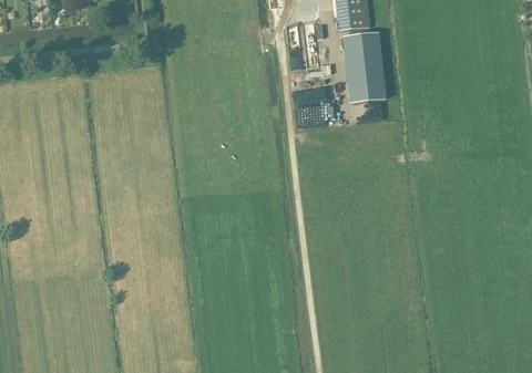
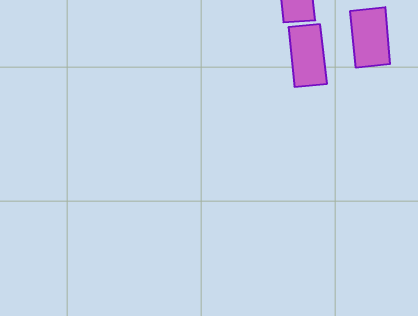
building: none -> [350,7,390,68]

